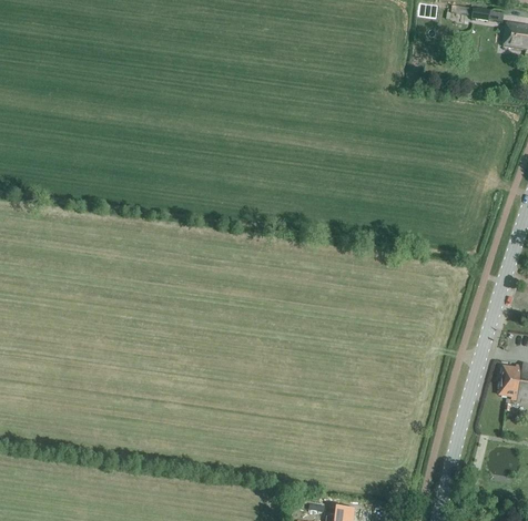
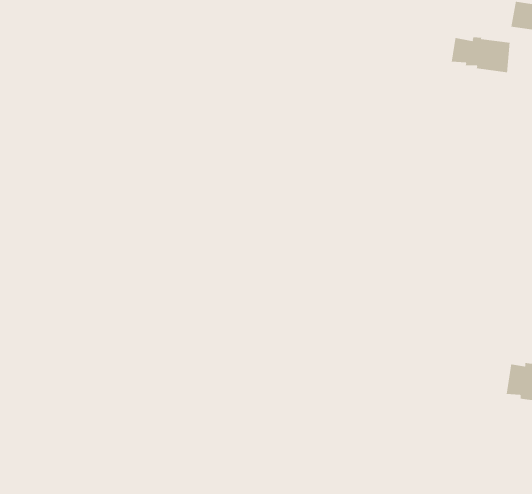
building: none -> [451,36,510,73]

